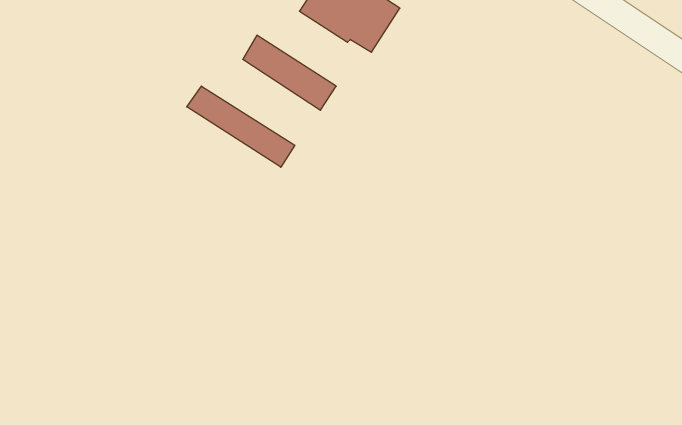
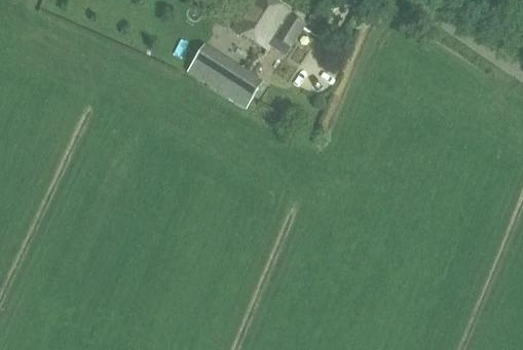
building: [187,86,295,167] -> none

